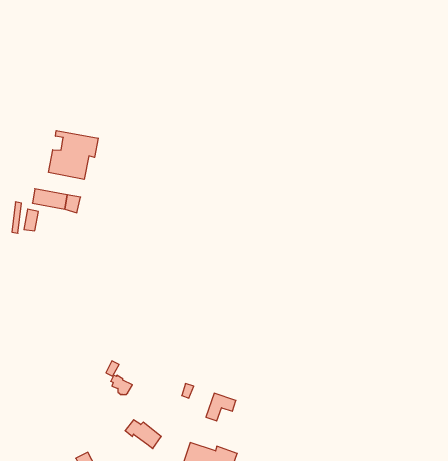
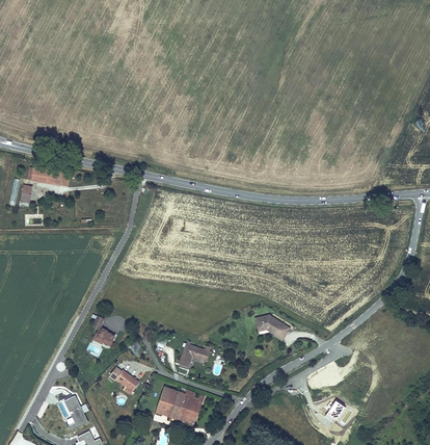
building: [49,131,98,179] -> none
building: none -> [257,315,291,340]

